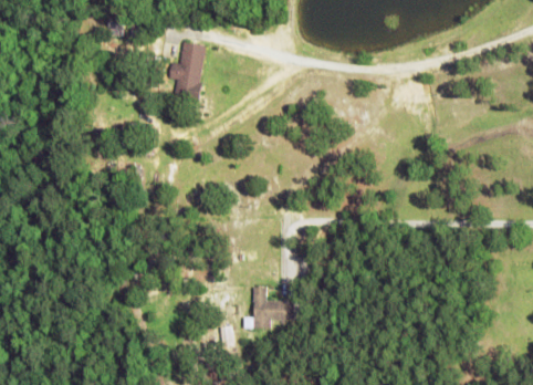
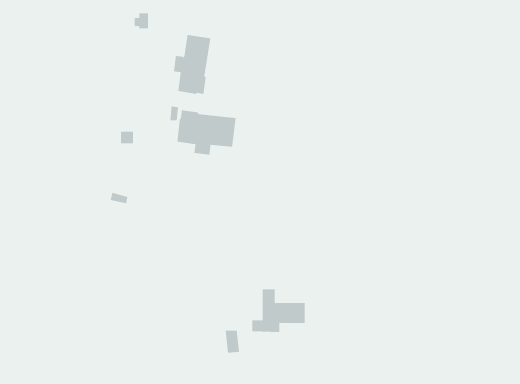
building: none -> [177,109,236,155]

